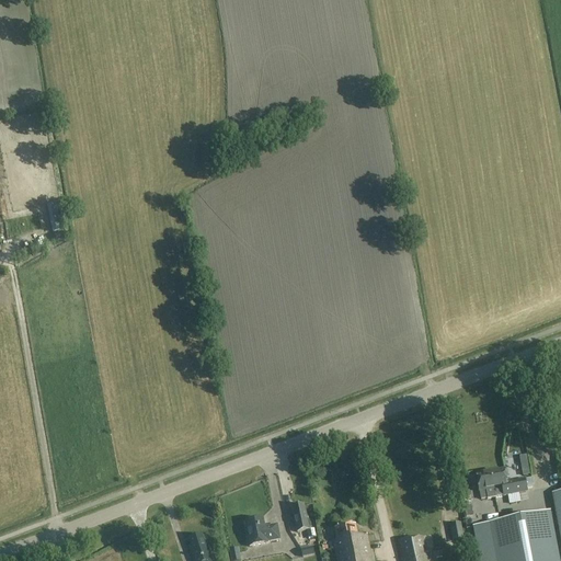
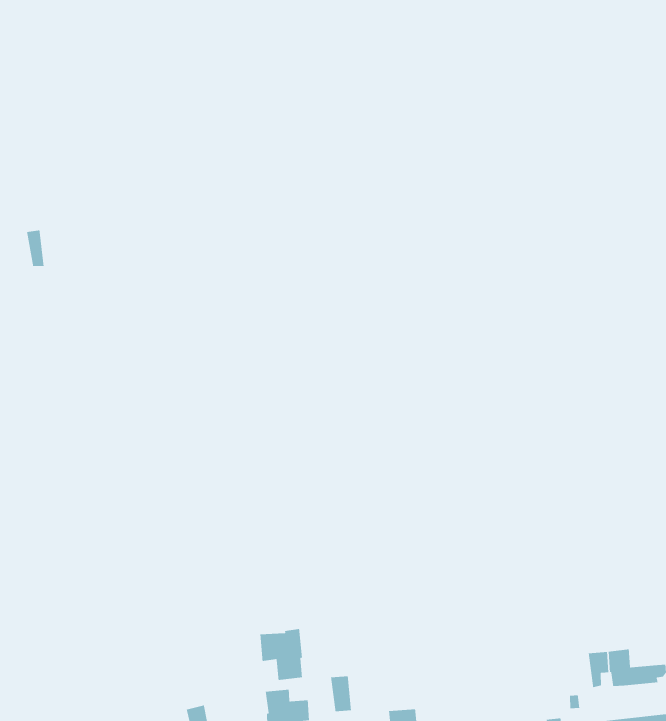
building: none -> [259,628,303,681]

